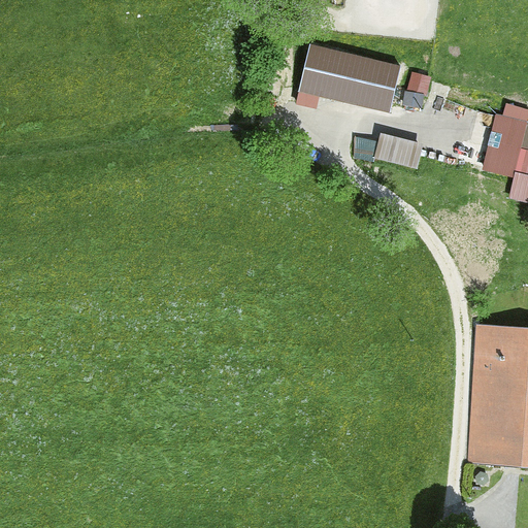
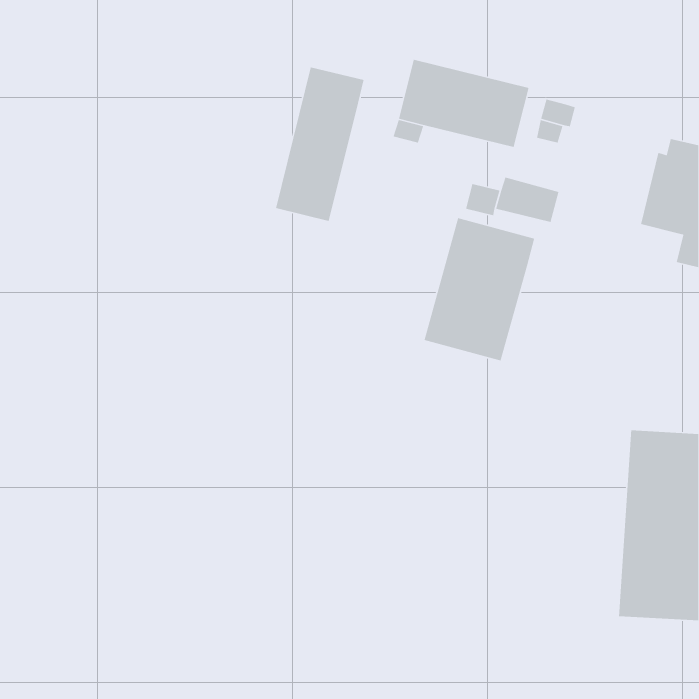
building: none -> [275,66,364,222]
building: none -> [423,217,535,362]

